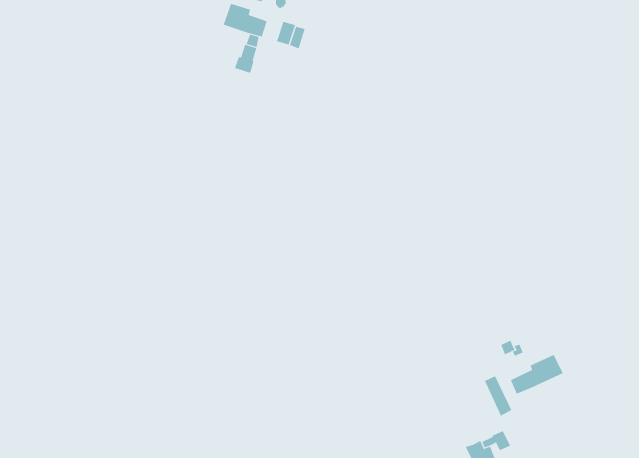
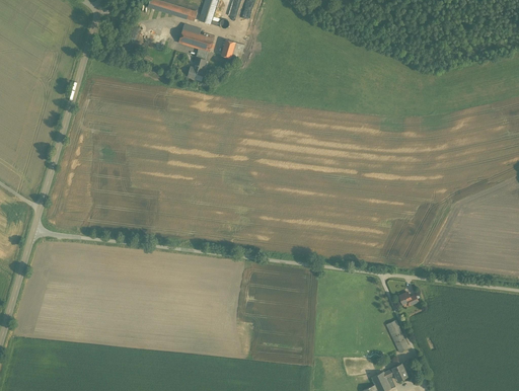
building: [510,354,563,395] -> none

